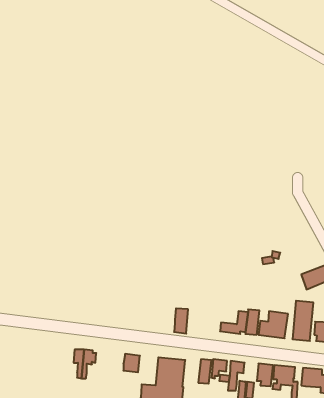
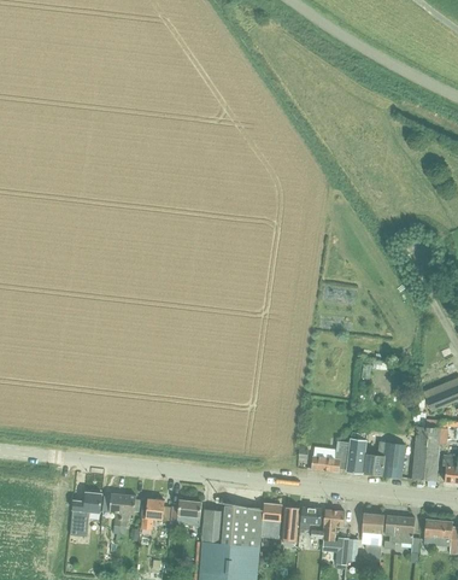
building: [174,308,188,334] -> [262,503,281,538]
building: none -> [69,491,101,534]
building: none -> [141,497,171,529]
building: none -> [202,509,224,541]

